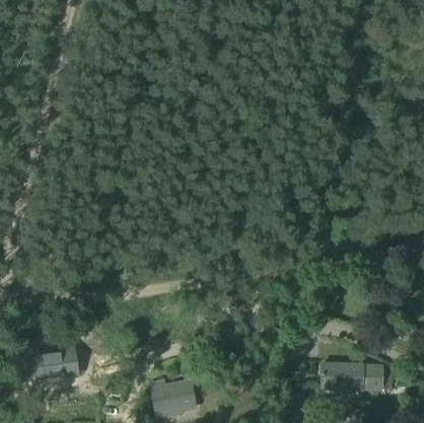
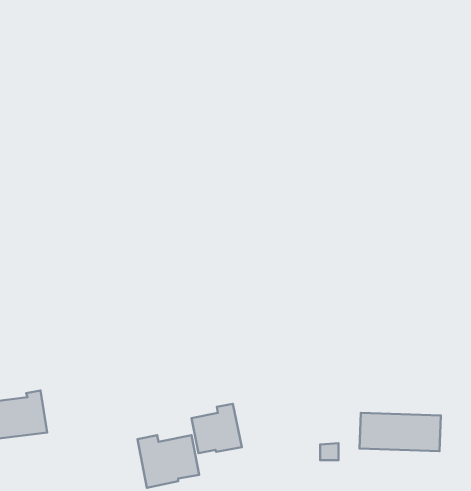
building: none -> [192,404,242,453]

